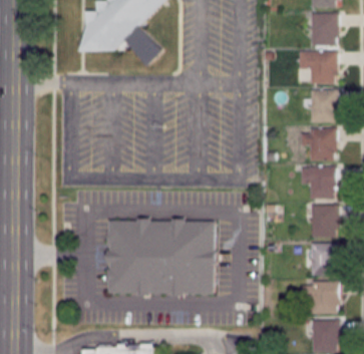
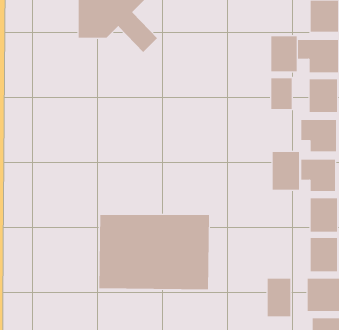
building: none -> [271,36,297,72]
building: none -> [271,77,292,110]
building: none -> [272,151,299,191]
building: none -> [267,278,291,317]

